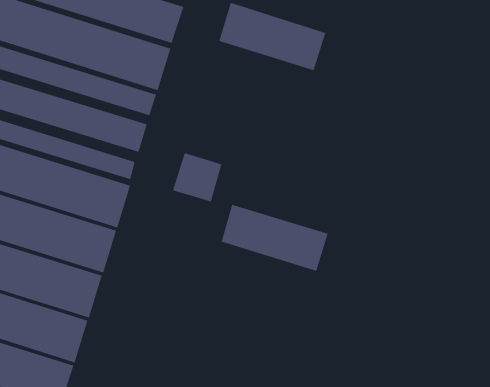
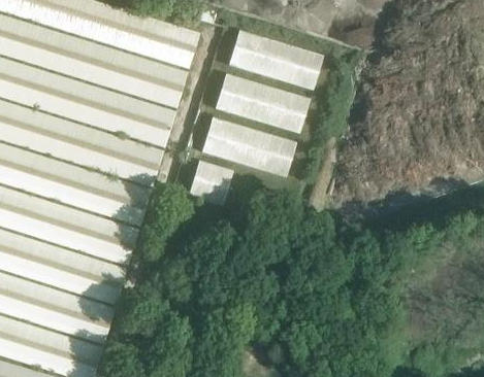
building: none -> [214,74,309,133]
building: [221,204,329,272] -> [201,117,295,176]

